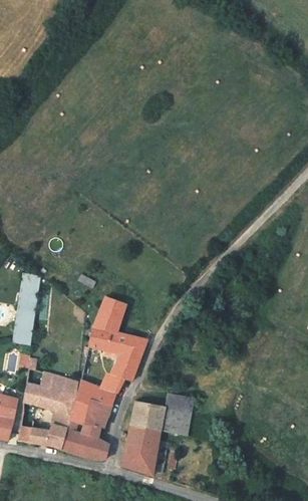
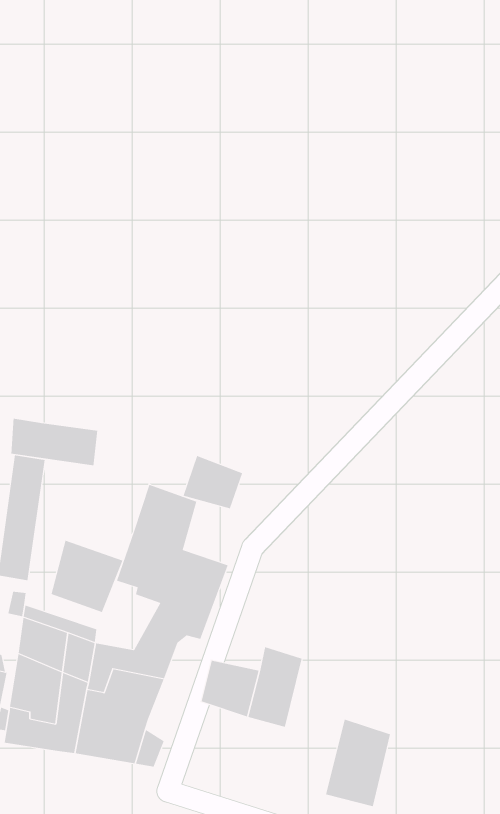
building: none -> [11,418,98,466]
building: none -> [183,455,243,509]
building: none -> [51,540,123,613]
building: [119,418,158,469] -> [325,719,391,807]

